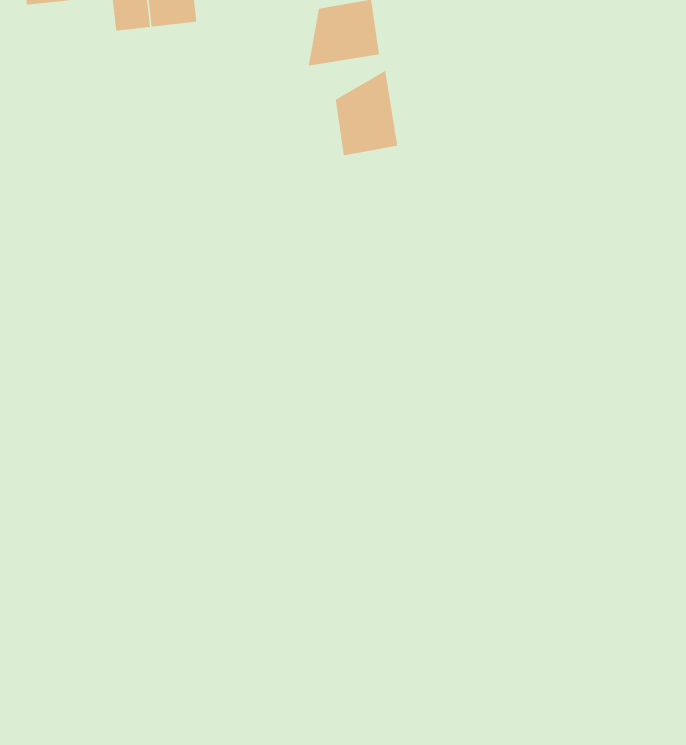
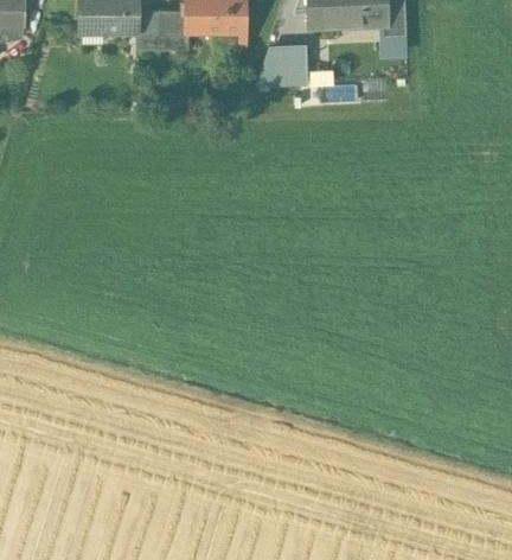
building: [335,70,398,156] -> none

